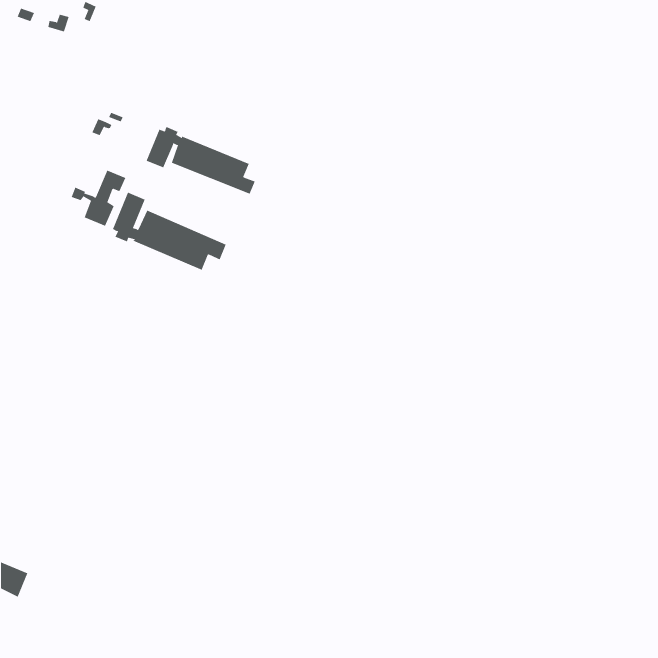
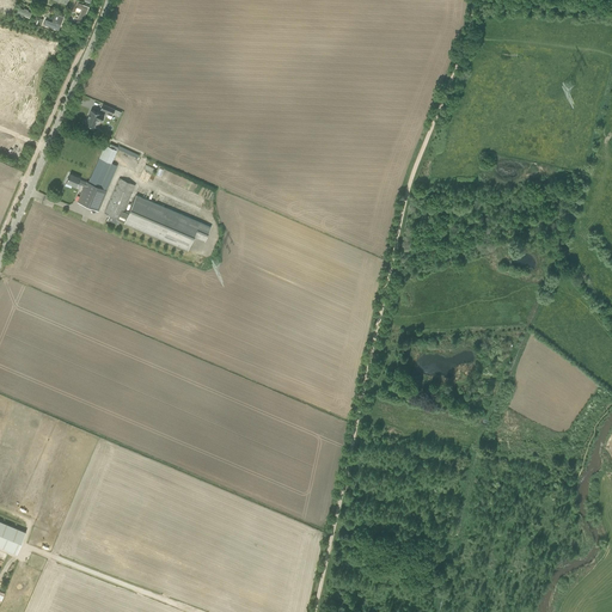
building: [146,126,256,195] -> none

